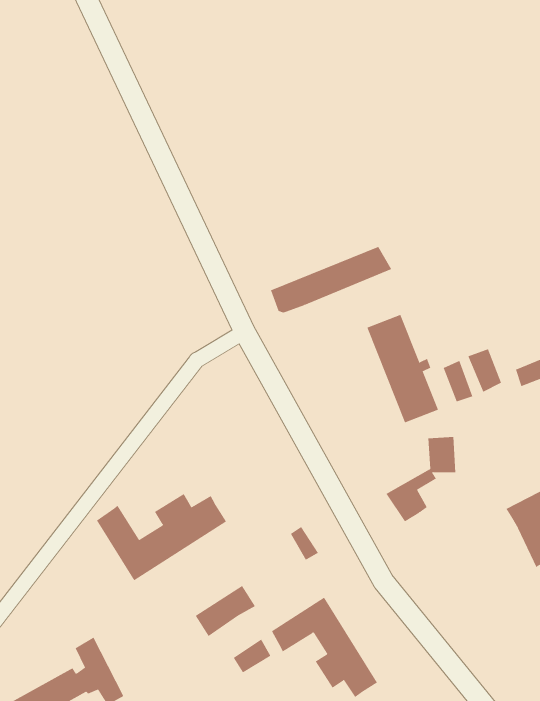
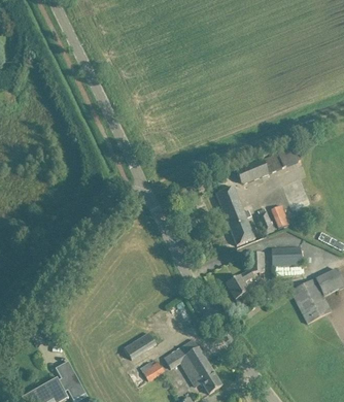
building: [270,246,392,313] -> [236,147,302,183]
building: none -> [271,246,300,267]
building: [96,493,227,581] -> none

